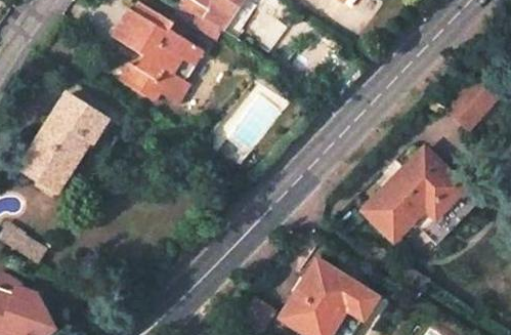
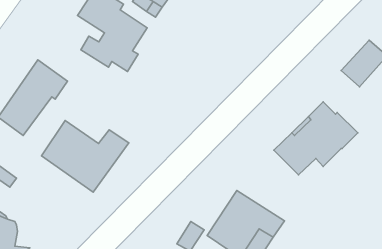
building: none -> [41,121,129,192]

